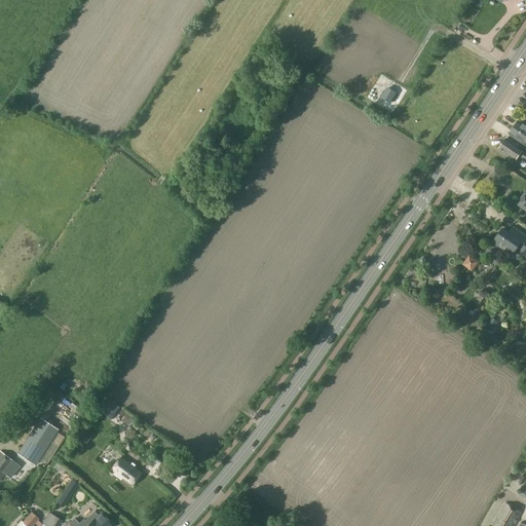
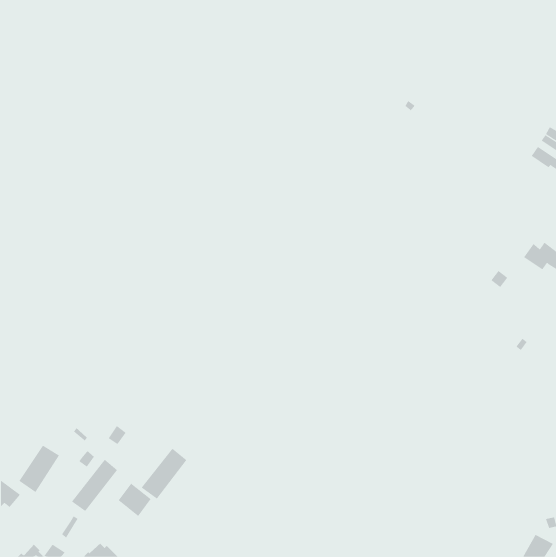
building: none -> [141,448,187,500]
building: none -> [71,459,118,512]

